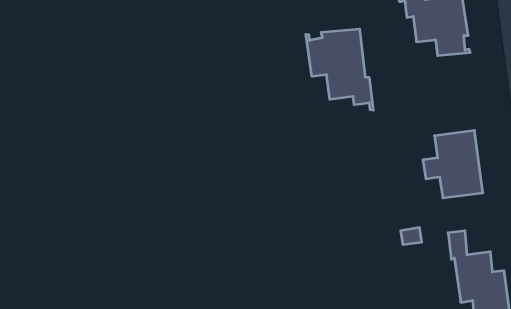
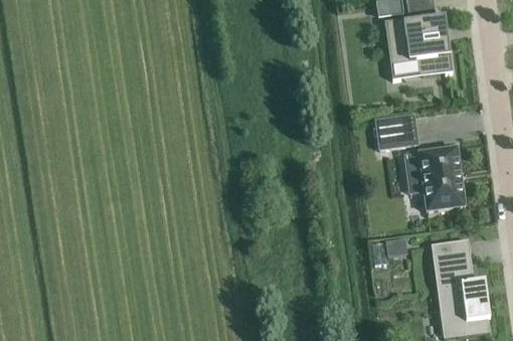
building: [306,29,373,110] -> none
building: none -> [374,114,416,149]

